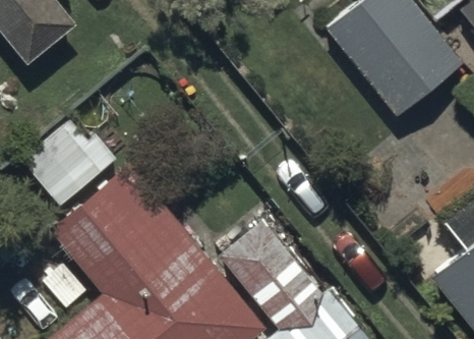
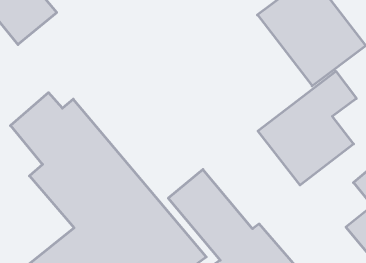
building: none -> [258,71,356,185]

